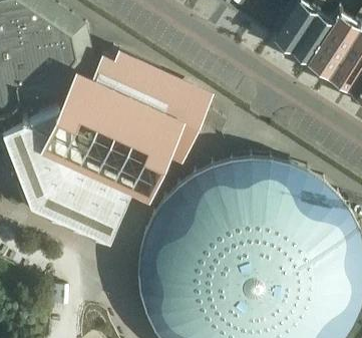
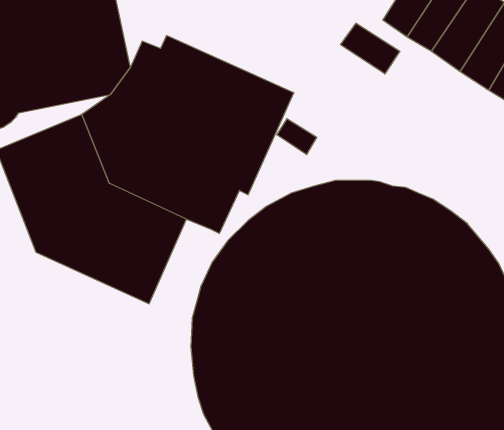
building: none -> [341,23,400,74]

